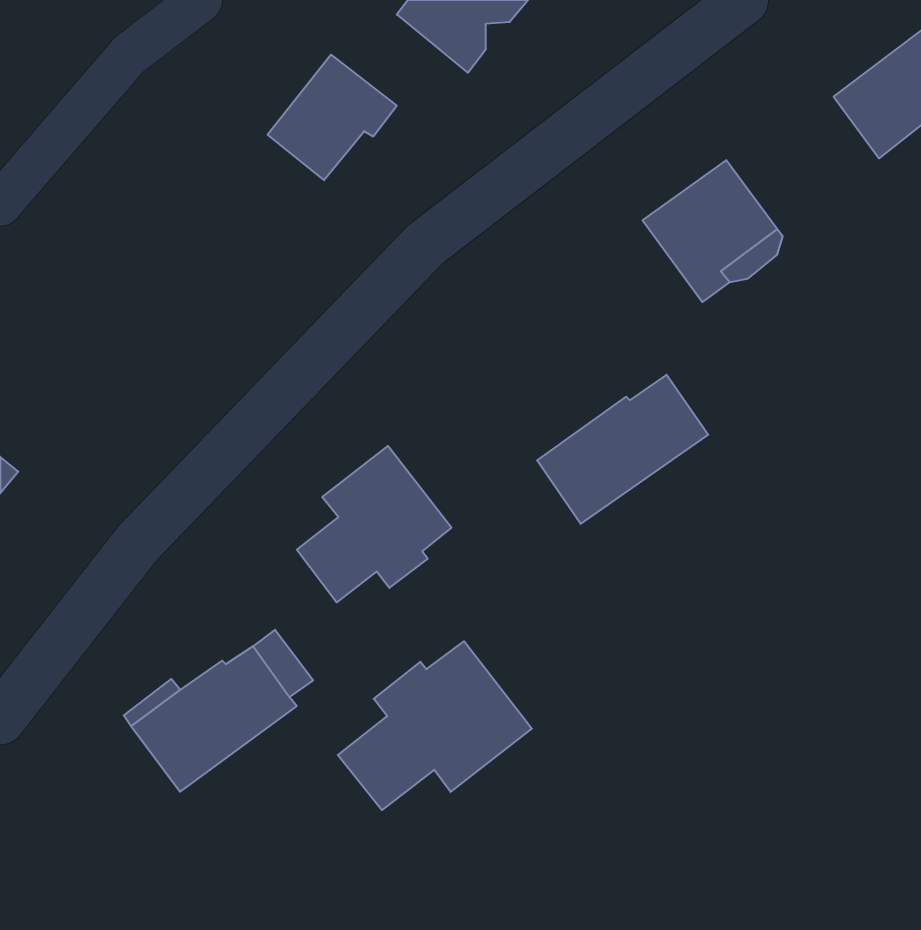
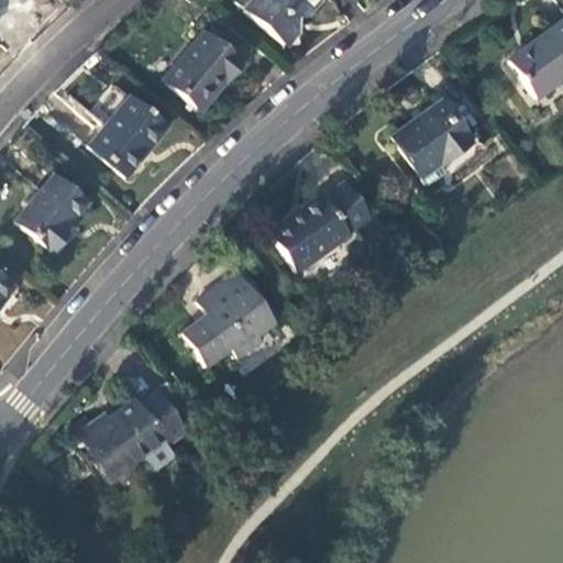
building: none -> [87,91,170,176]
building: none -> [16,180,87,256]
building: [537,375,708,524] -> [267,183,371,273]
building: [338,641,532,810] -> none

